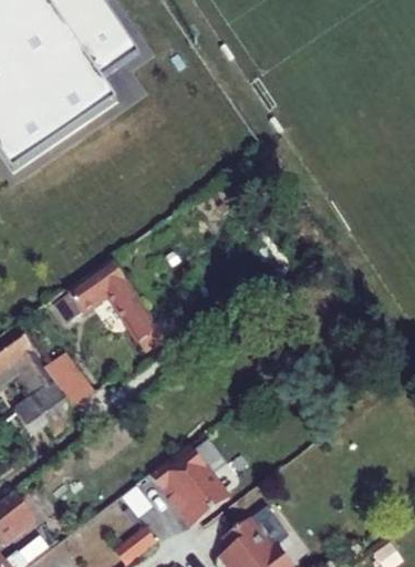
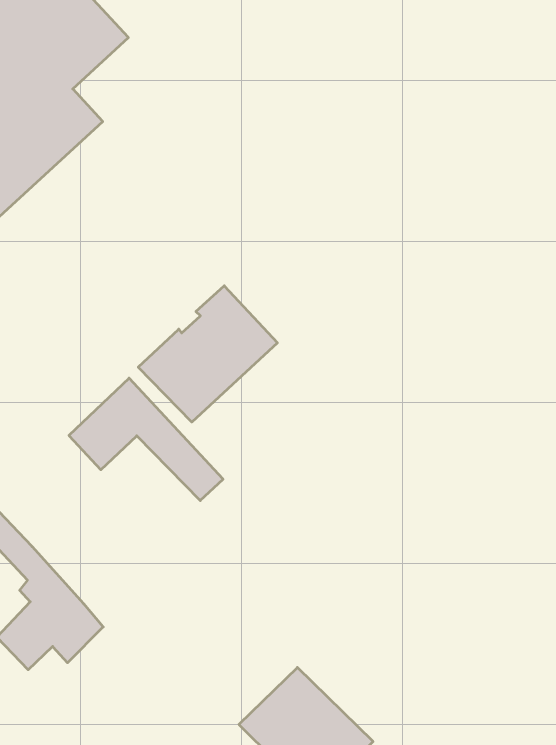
building: none -> [138,286,277,422]
building: [41,348,92,395] -> none

